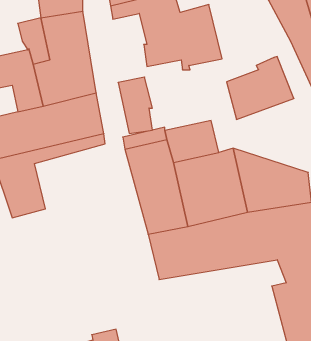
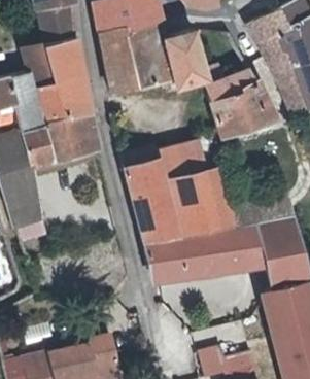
building: none -> [206,66,257,102]
building: [118,77,152,133] -> [107,38,139,91]

